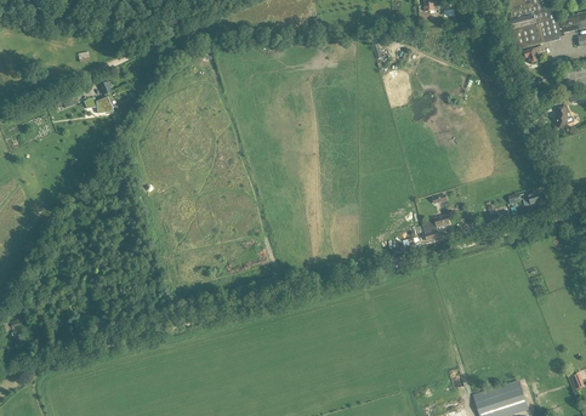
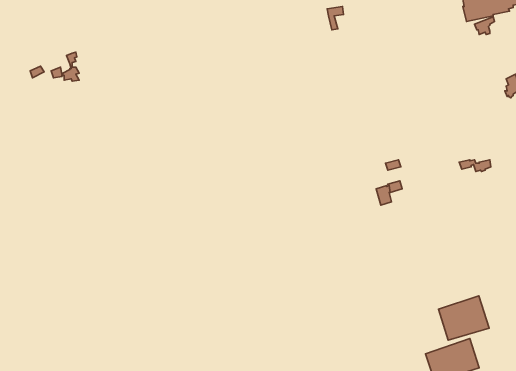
building: none -> [438,296,489,340]

